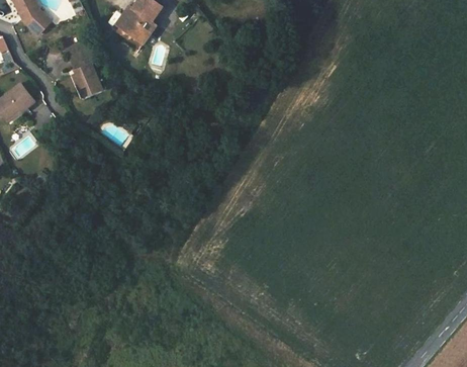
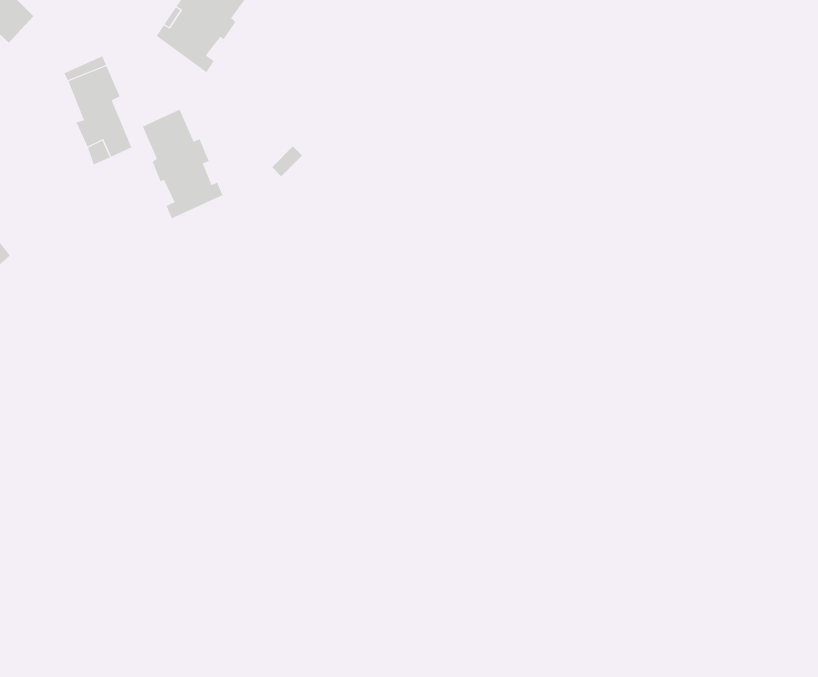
building: none -> [142,109,223,219]

